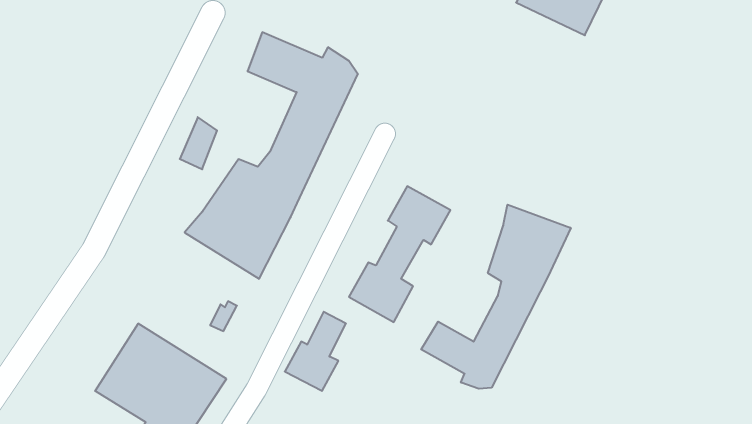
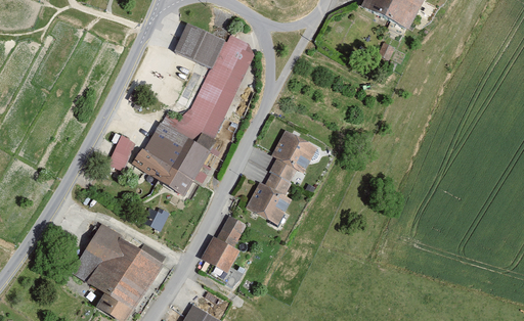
building: [180,117,217,169] -> [108,135,134,171]
building: [421,205,571,389] -> none

